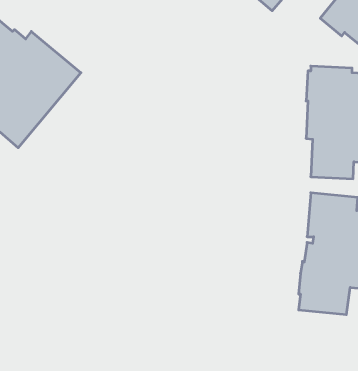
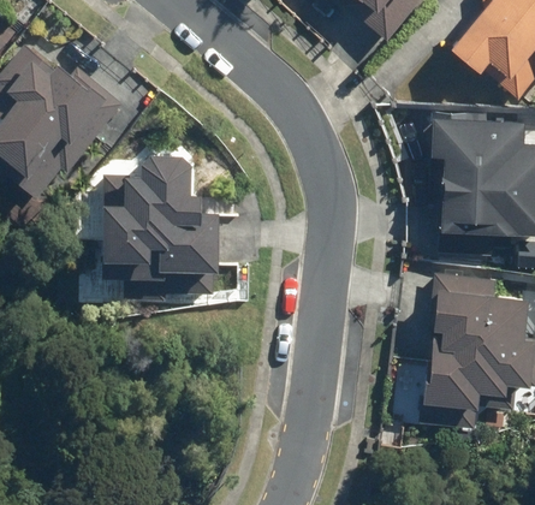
building: none -> [99,153,219,299]

